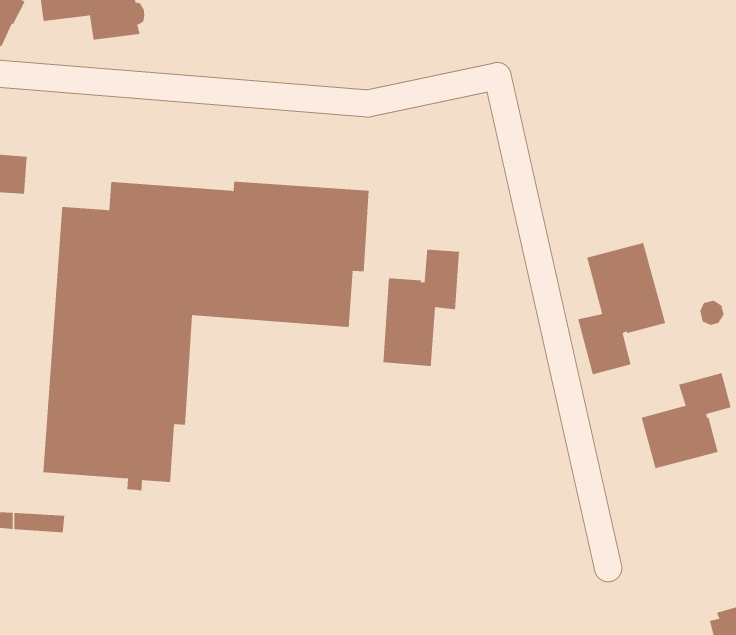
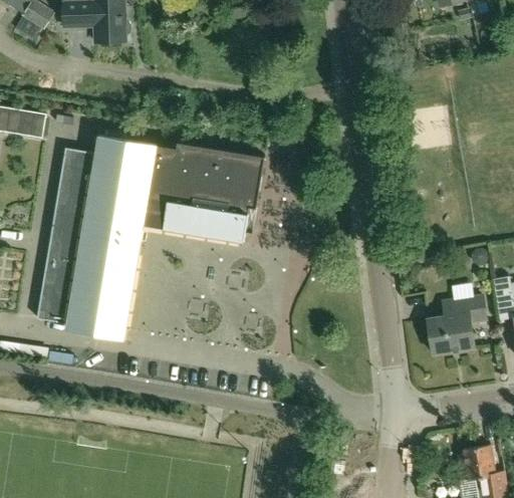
building: [577,242,666,375] -> none
building: [383,249,460,367] -> none

